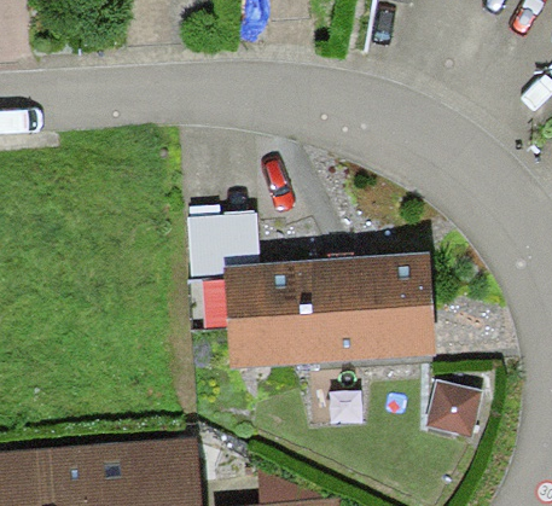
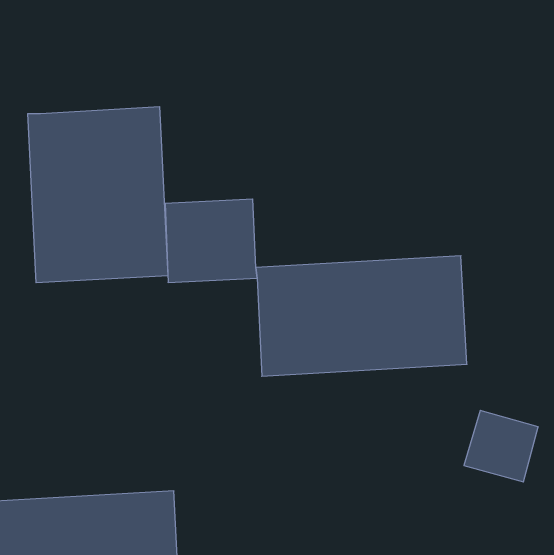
building: none -> [28,107,168,283]

